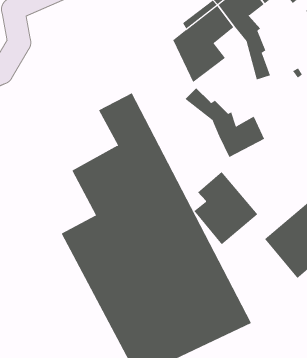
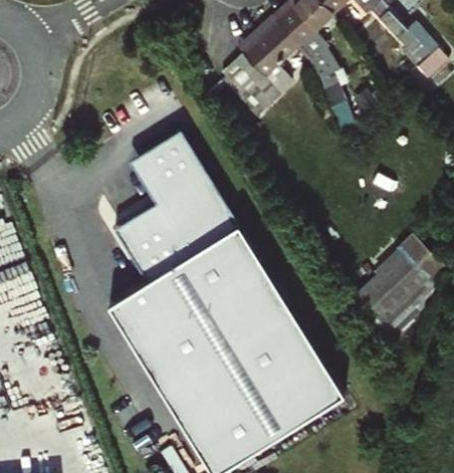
building: [184,88,265,158] -> none
building: [194,171,258,245] -> none

